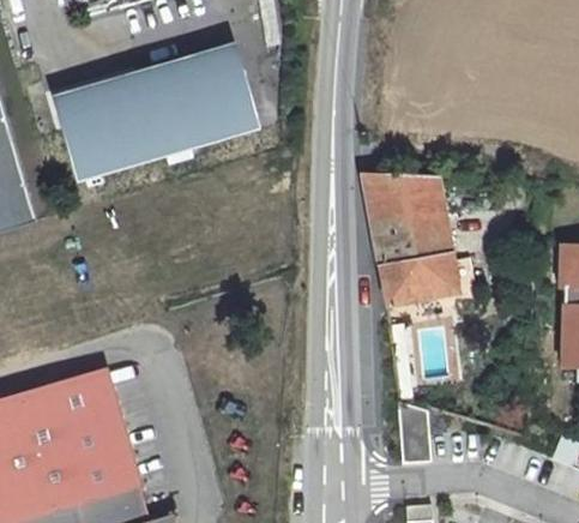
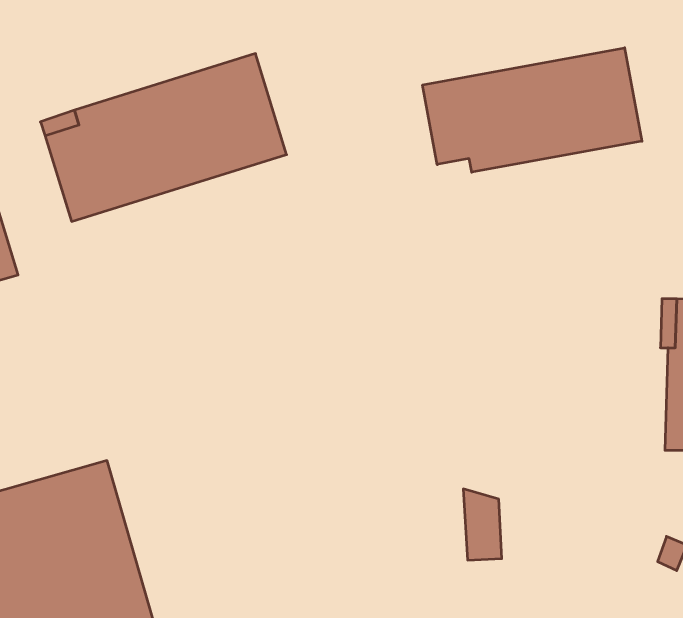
building: none -> [423,48,642,172]
building: [362,172,478,302] -> none

